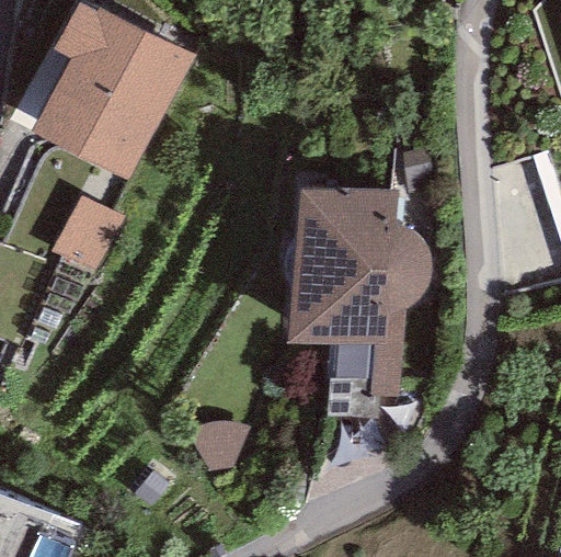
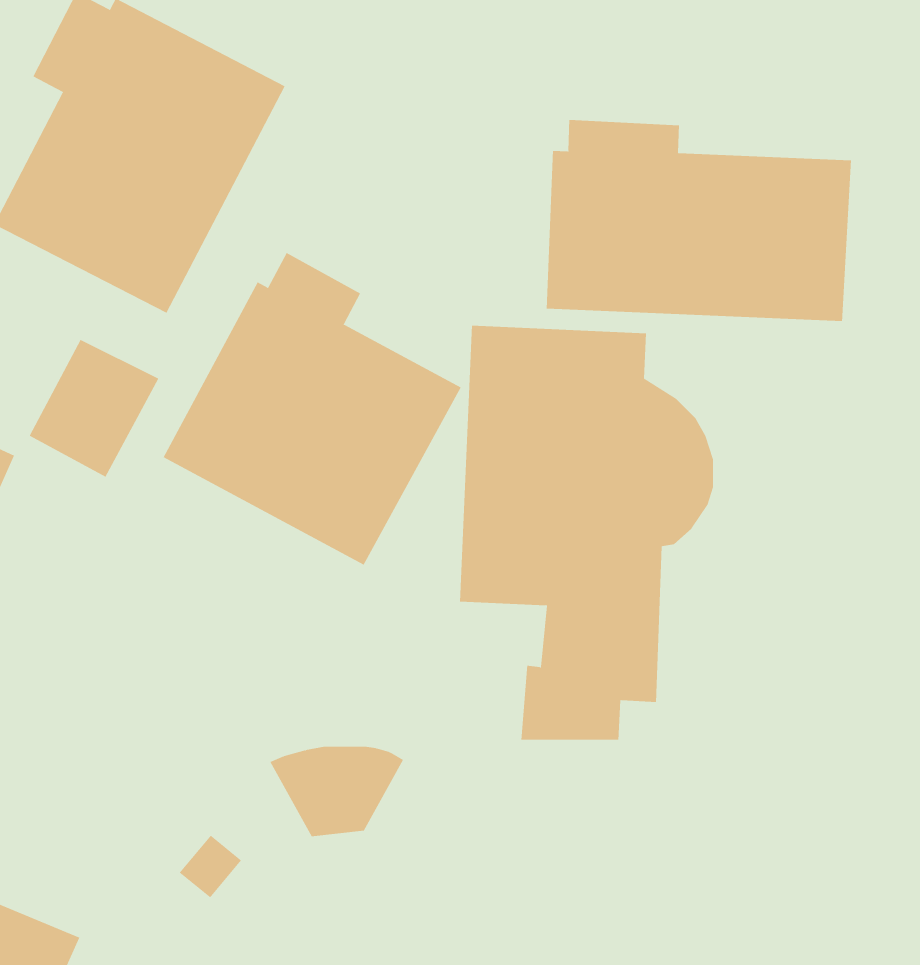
building: none -> [546,119,851,322]
building: none -> [163,252,461,566]

